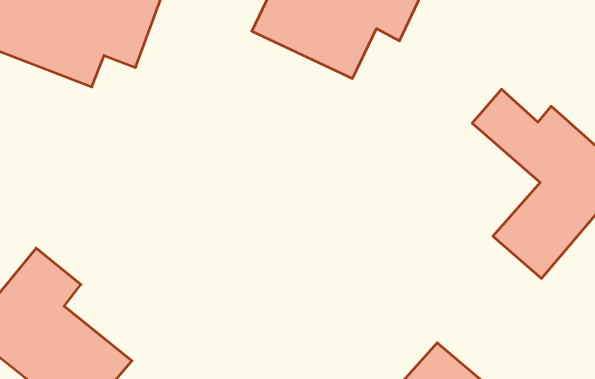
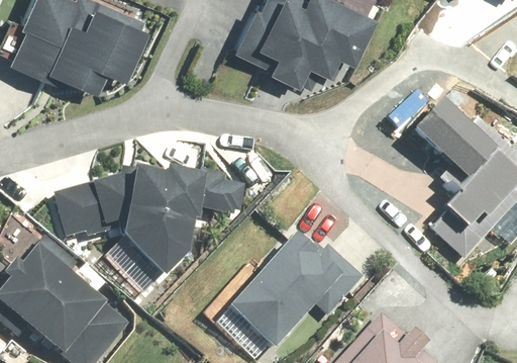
building: none -> [58,171,246,279]
building: none -> [235,235,365,337]

